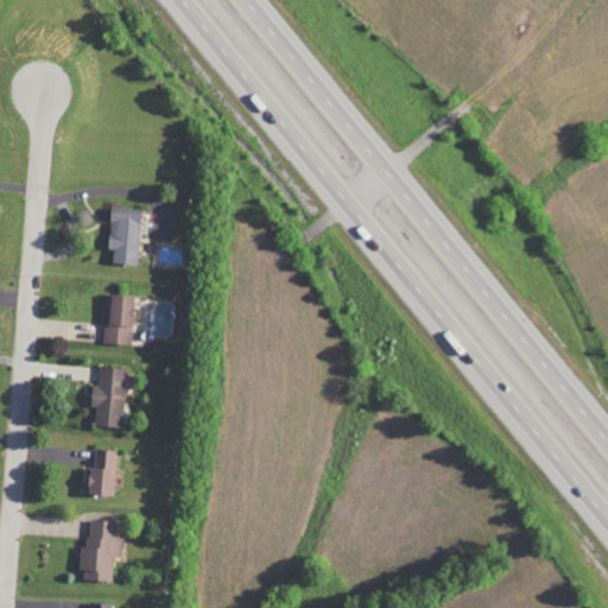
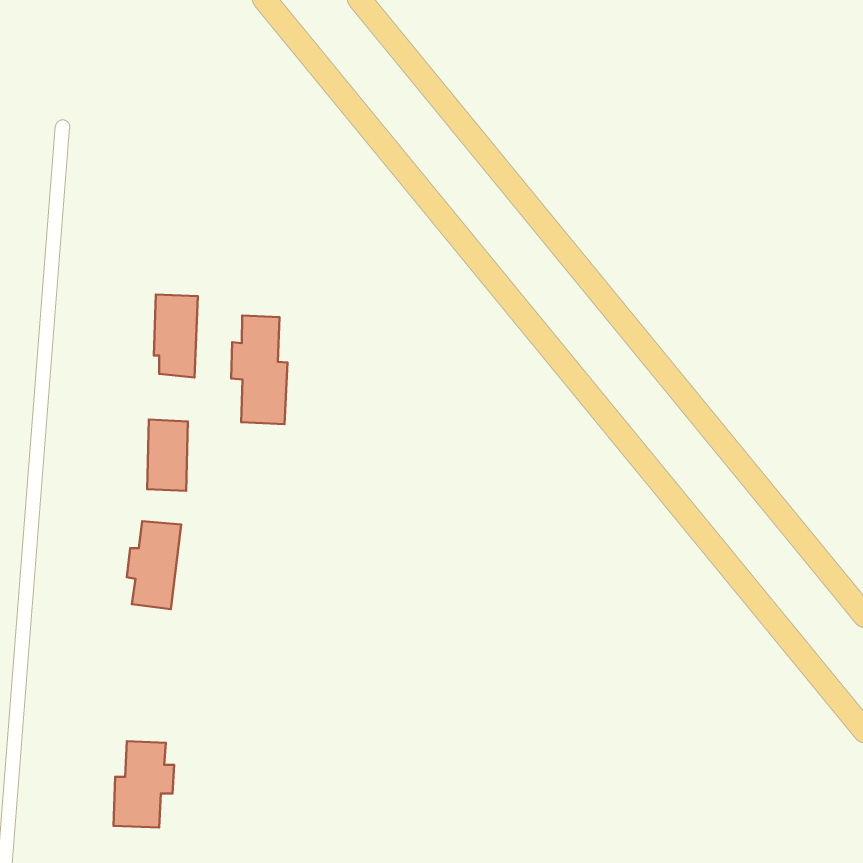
building: none -> [231,316,287,424]
building: [87,449,115,496] -> none

